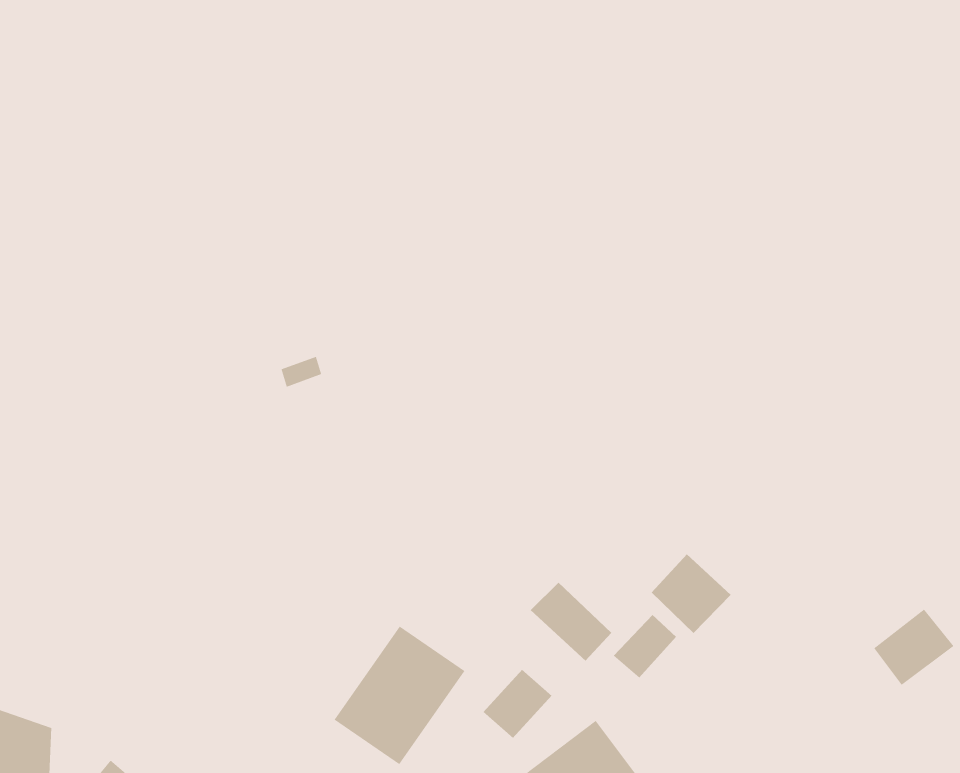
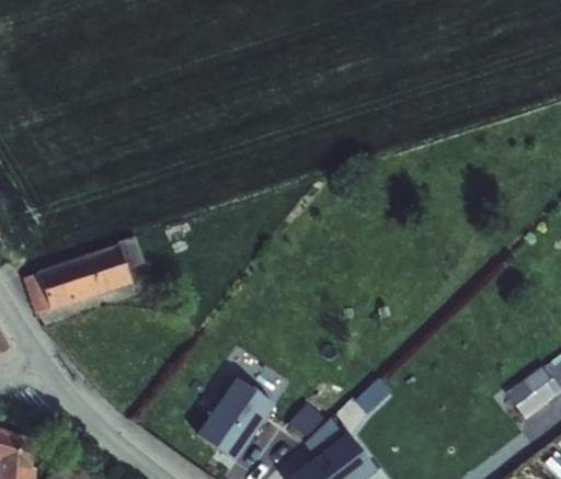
building: none -> [22,236,142,313]
building: [651,553,731,634] -> none
building: [530,582,612,662] -> none

